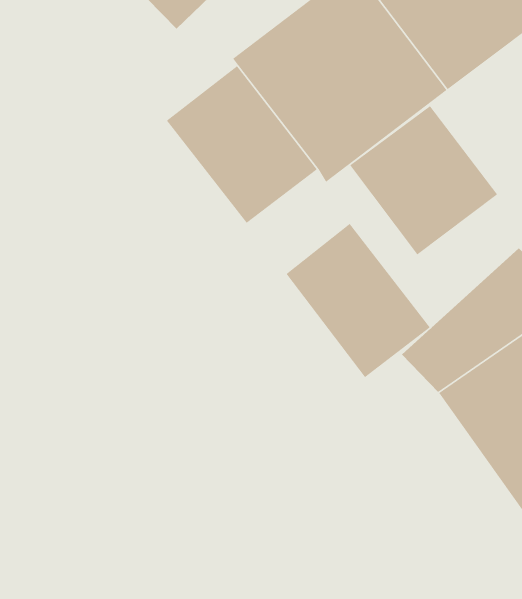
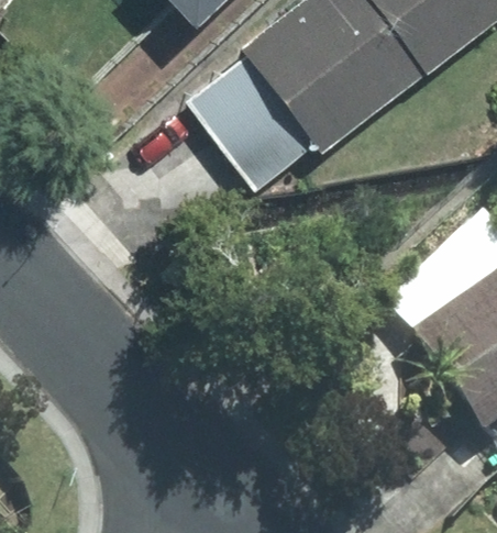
building: [349,105,498,256] -> none
building: [285,223,431,378] -> none

